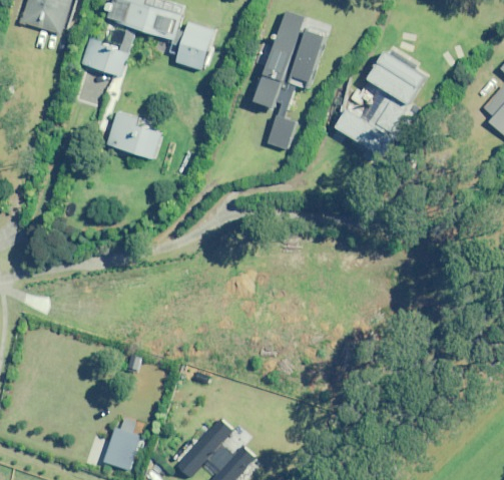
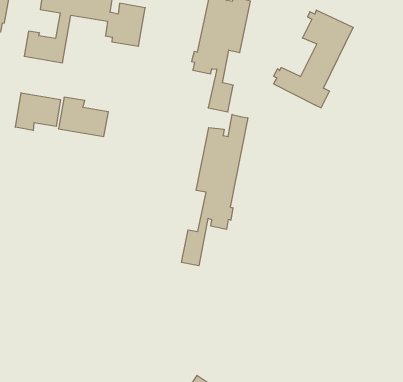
building: none -> [15,93,61,131]
building: none -> [181,114,248,266]

